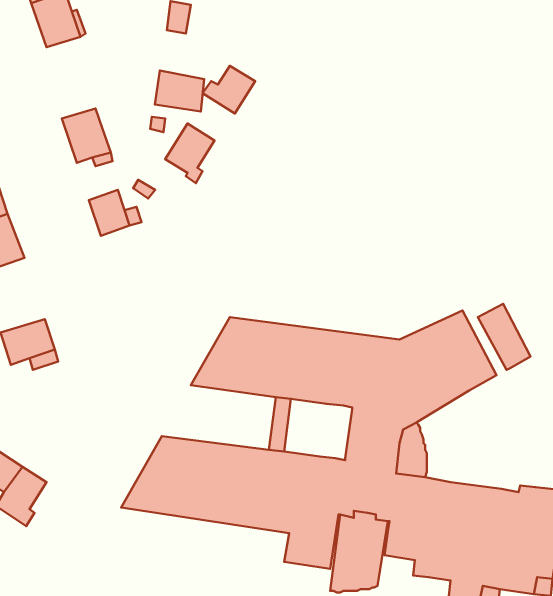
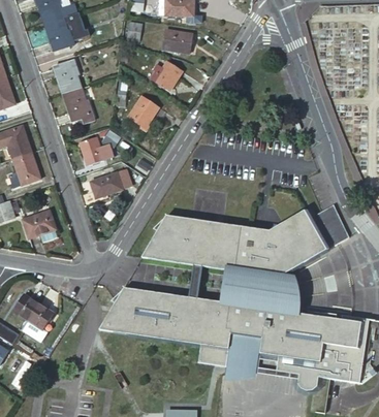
building: none -> [54,59,84,93]
building: [155,71,204,111] -> [161,29,191,54]
building: none -> [90,168,131,197]
building: none -> [220,267,240,299]
building: none -> [279,276,301,314]

